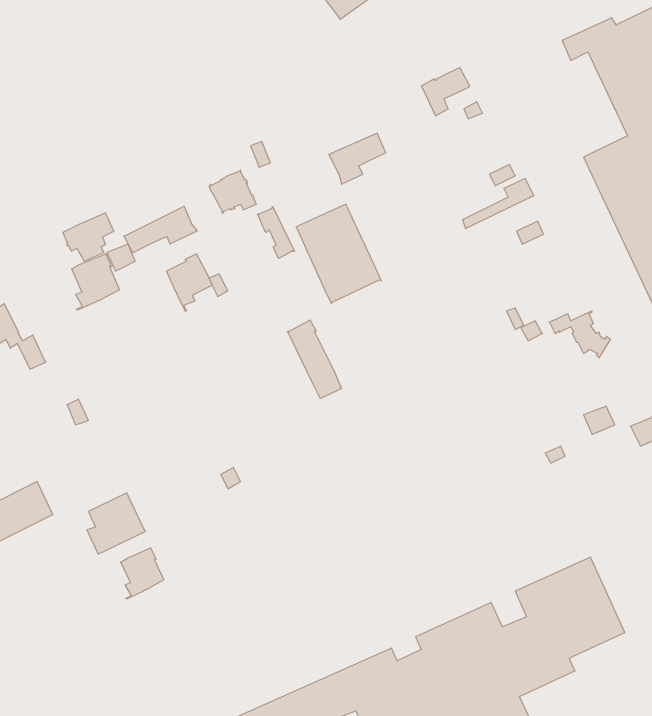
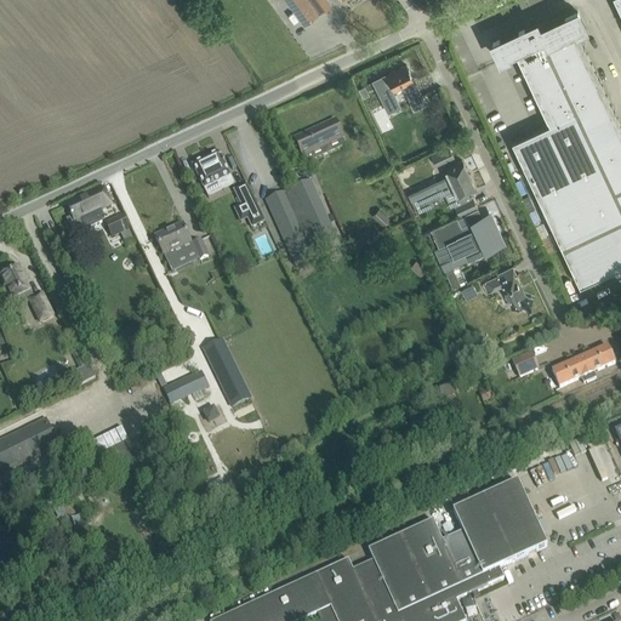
building: none -> [410,172,474,211]
building: [124,206,197,253] -> none
building: none -> [429,212,500,269]
building: [72,254,120,310] -> none
building: [287,320,342,398] -> [203,338,249,405]
building: none -> [163,370,207,404]
building: [121,548,164,599] -> none

